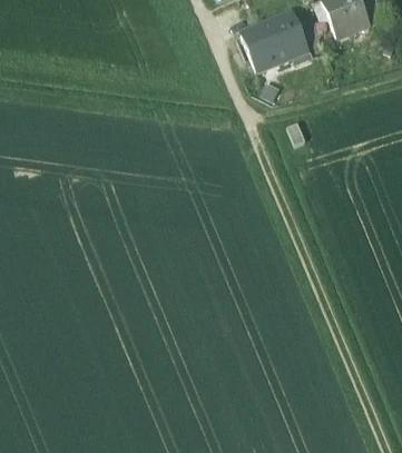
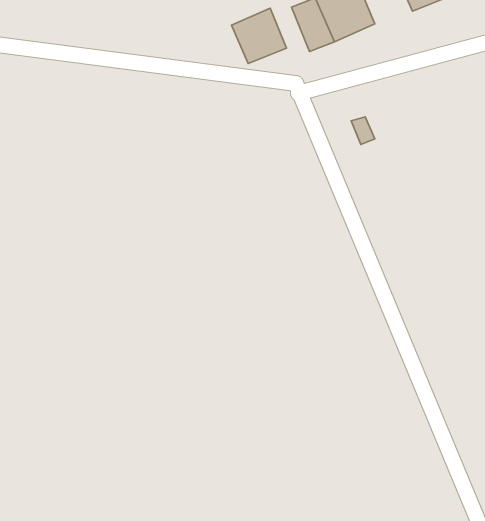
building: none -> [232,8,286,64]

